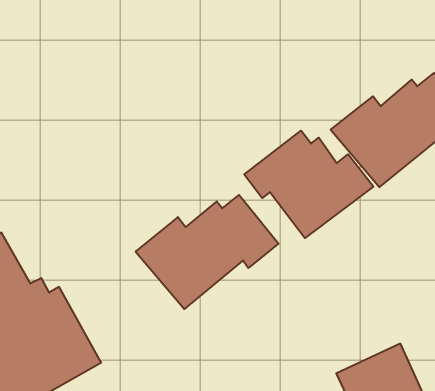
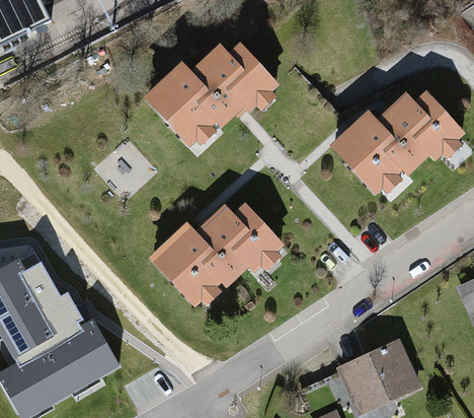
building: none -> [145,44,275,148]
building: [244,131,373,238] -> none

